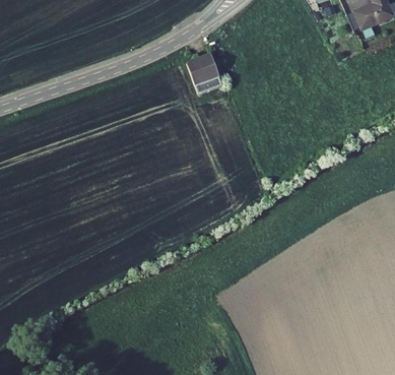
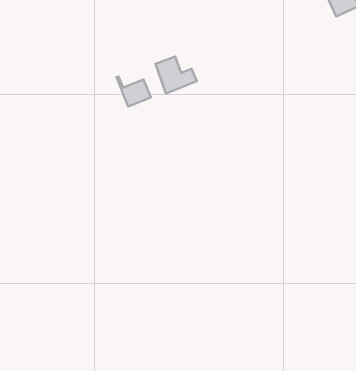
building: none -> [117,76,151,106]

